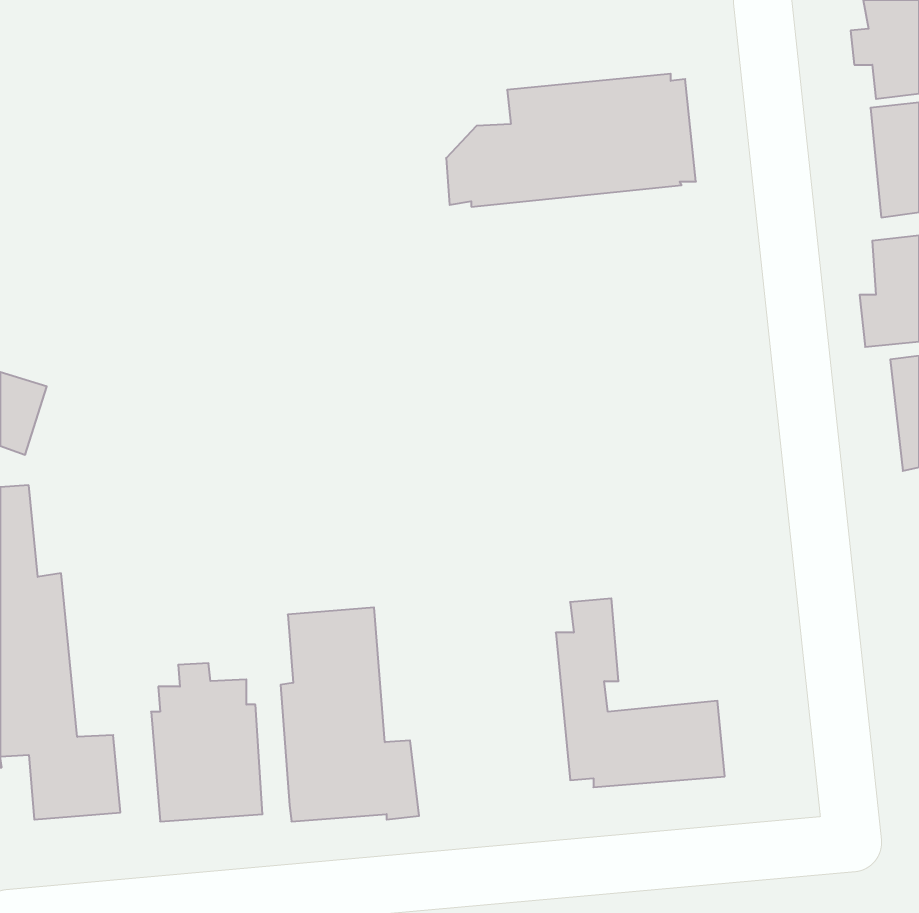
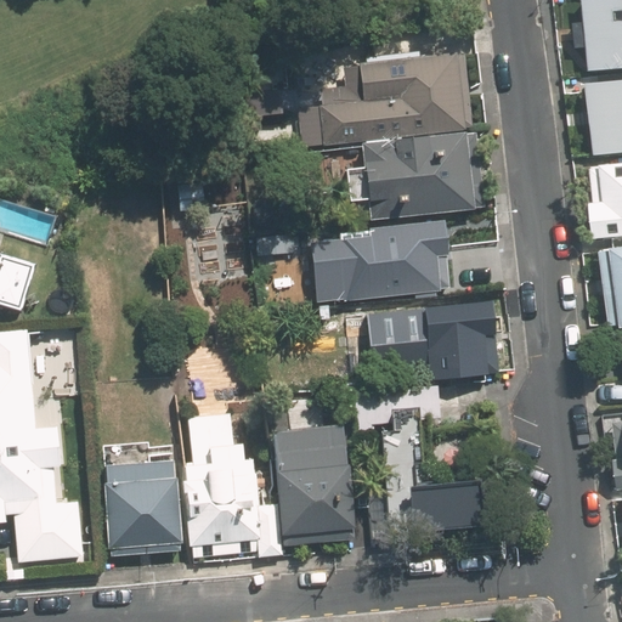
building: none -> [337,134,480,222]
building: none -> [312,228,439,302]
building: none -> [383,299,502,386]
building: none -> [273,425,356,545]

